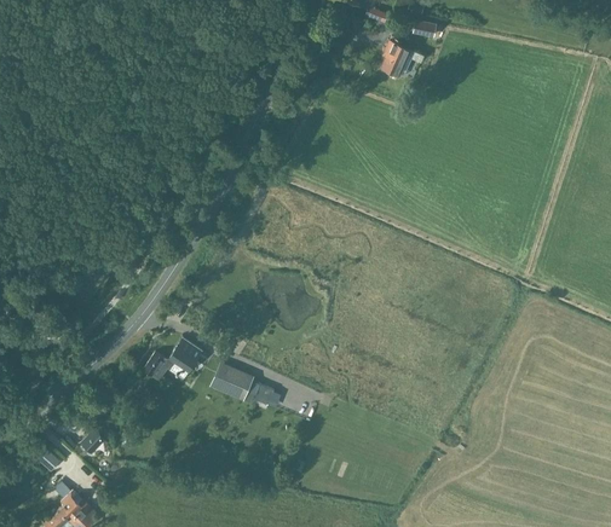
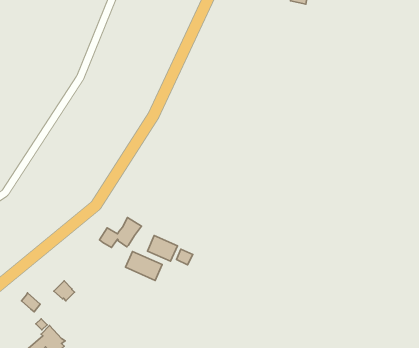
building: [382,41,415,77] -> none
building: none -> [125,251,162,280]

